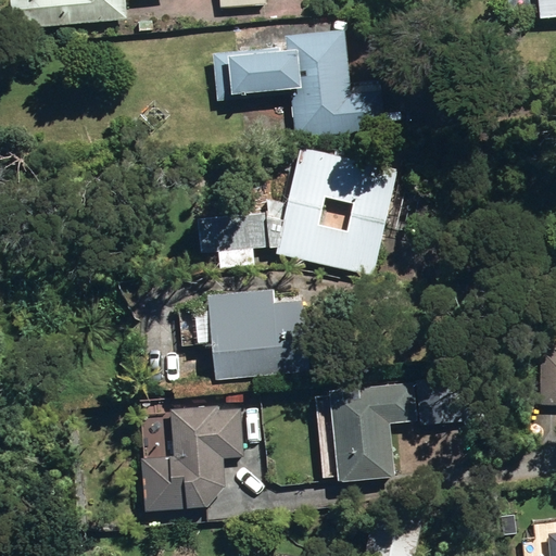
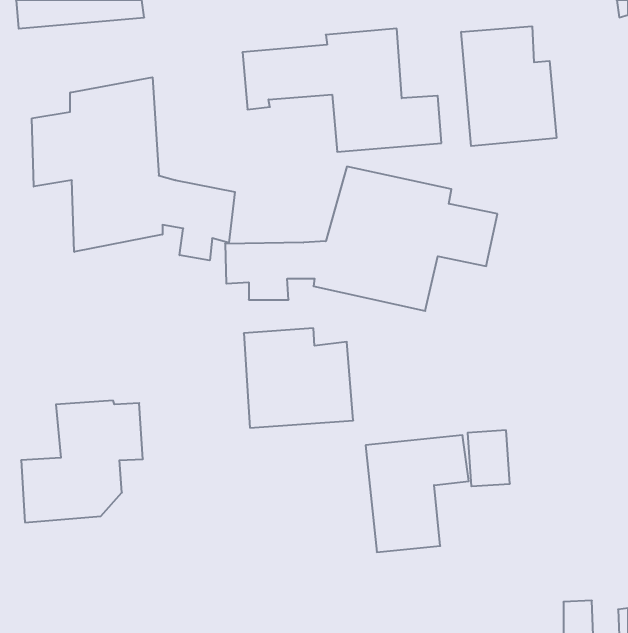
building: none -> [461,26,556,146]
building: none -> [32,77,235,260]
building: [129,408,236,515] -> [21,401,143,522]

